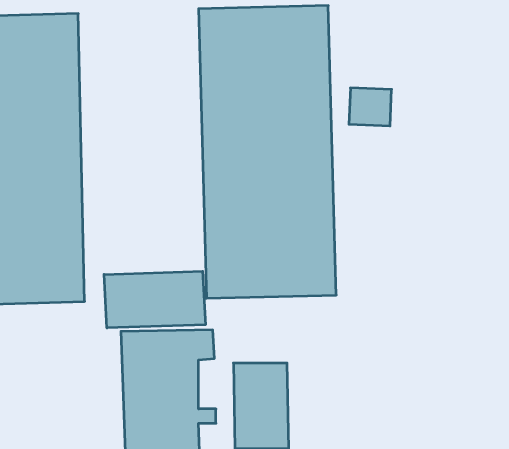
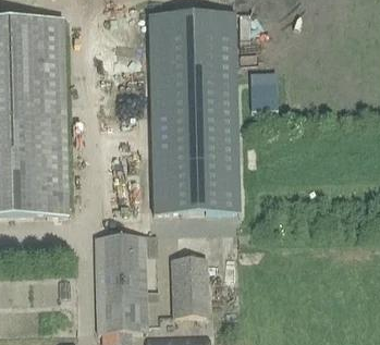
building: [104,271,205,328] -> none

